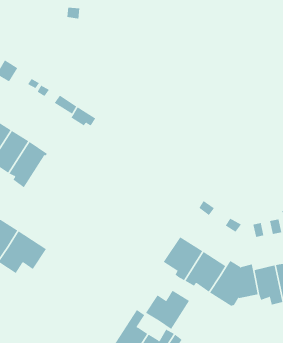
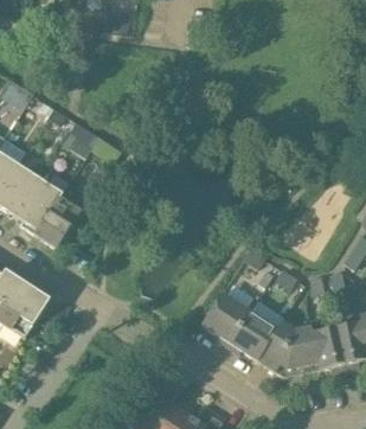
building: none -> [34,194,82,248]
building: [145,290,190,330] -> none

